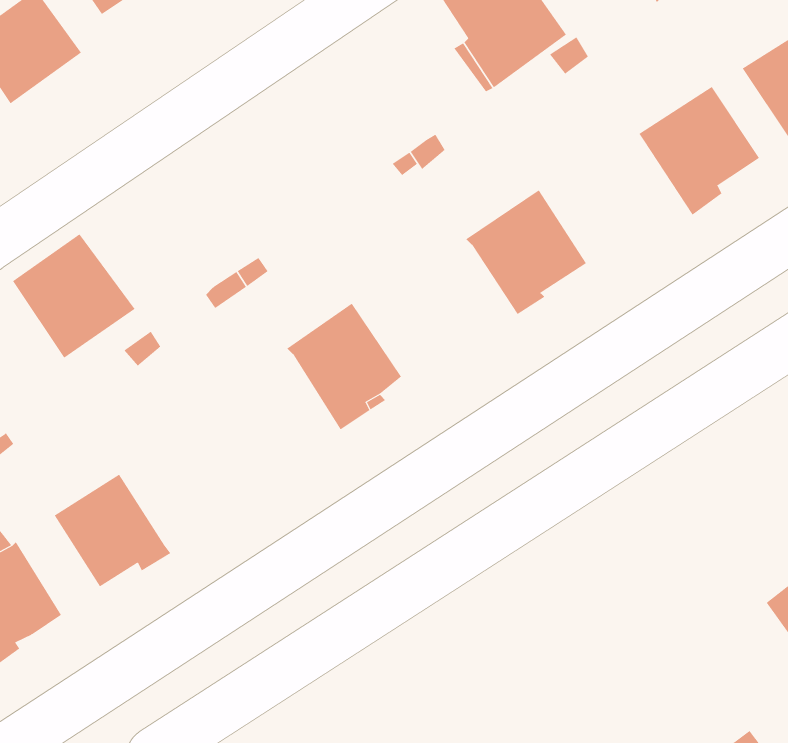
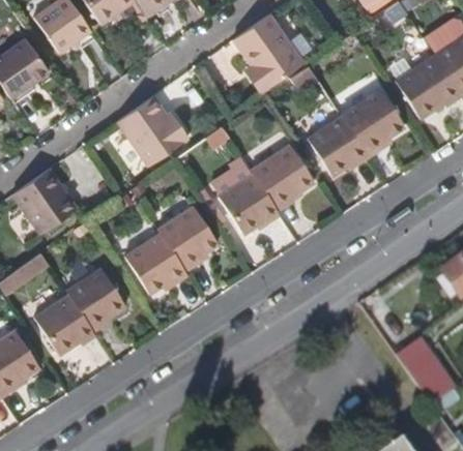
building: none -> [117,96,189,167]
building: none -> [310,119,369,177]
building: none -> [220,174,280,234]
building: none -> [124,231,189,293]
building: none -> [68,267,125,330]

